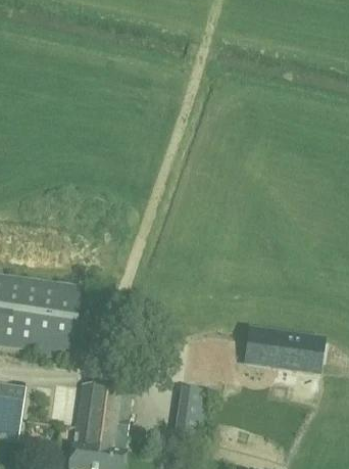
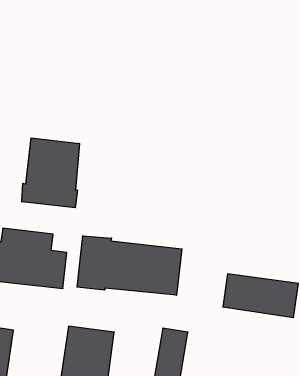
building: none -> [22,138,79,208]
building: none -> [77,236,182,295]

